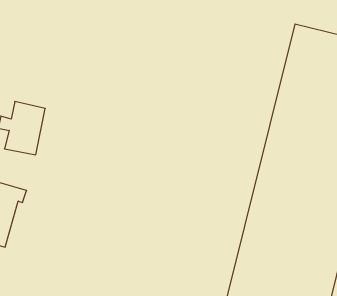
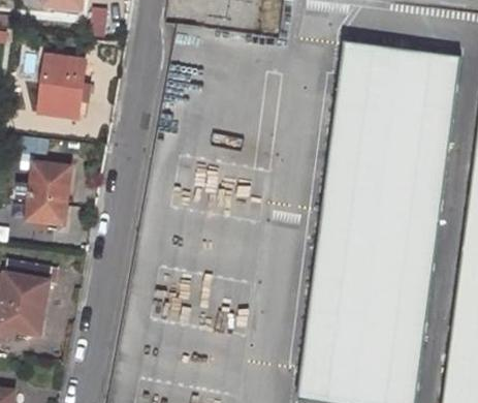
building: none -> [45,59,85,117]

